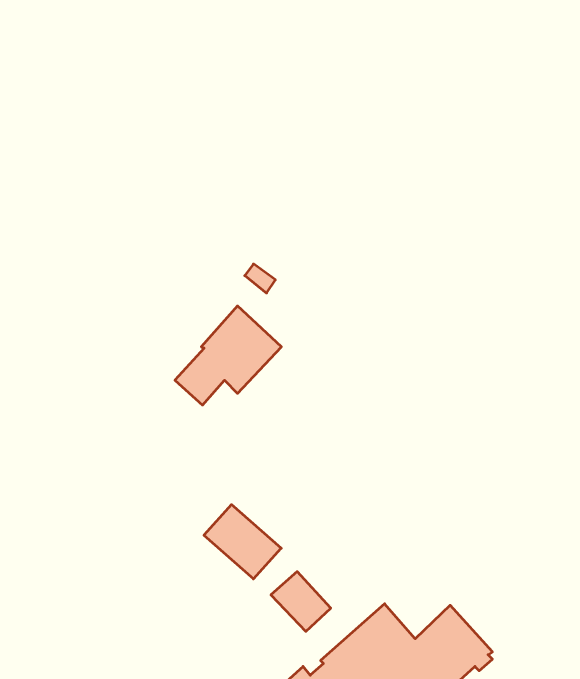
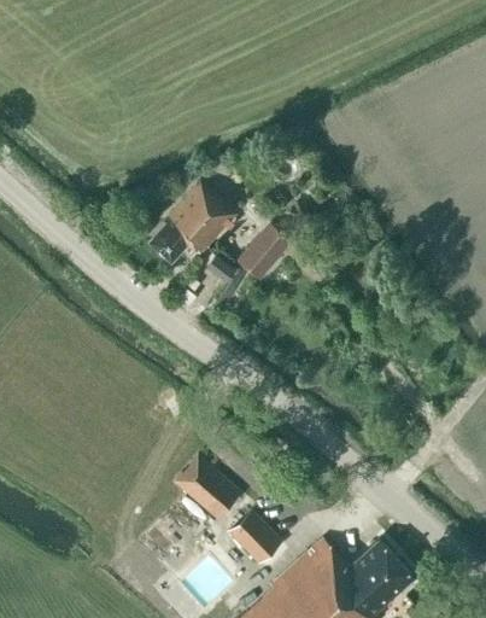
building: none -> [235,223,292,281]
building: [175,306,281,405] -> [147,182,235,264]

